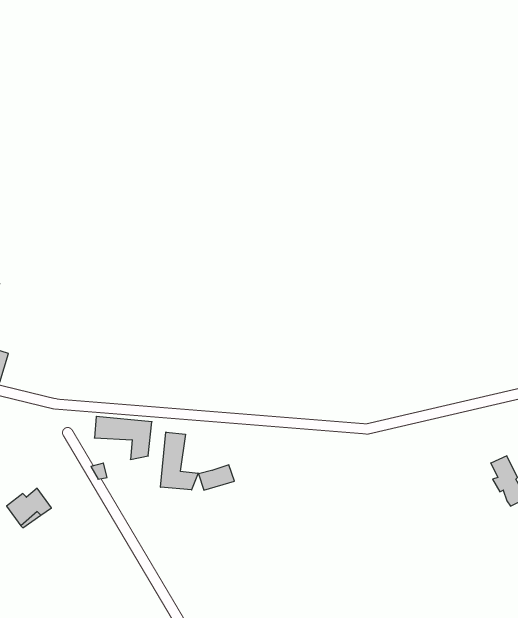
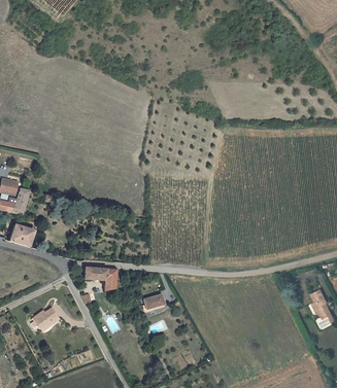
building: [161,432,198,490] -> none

